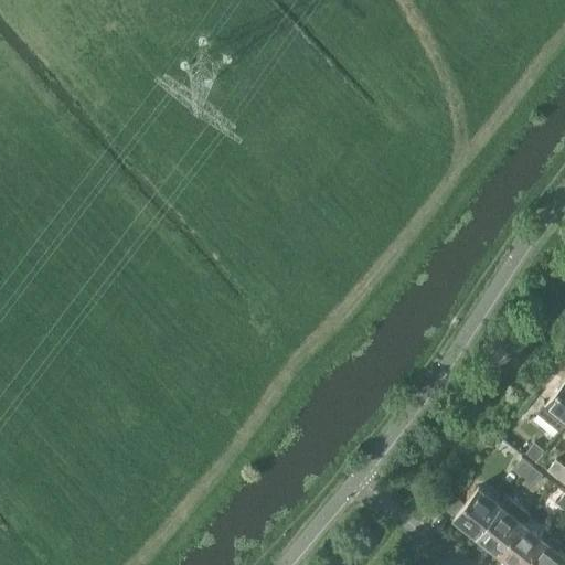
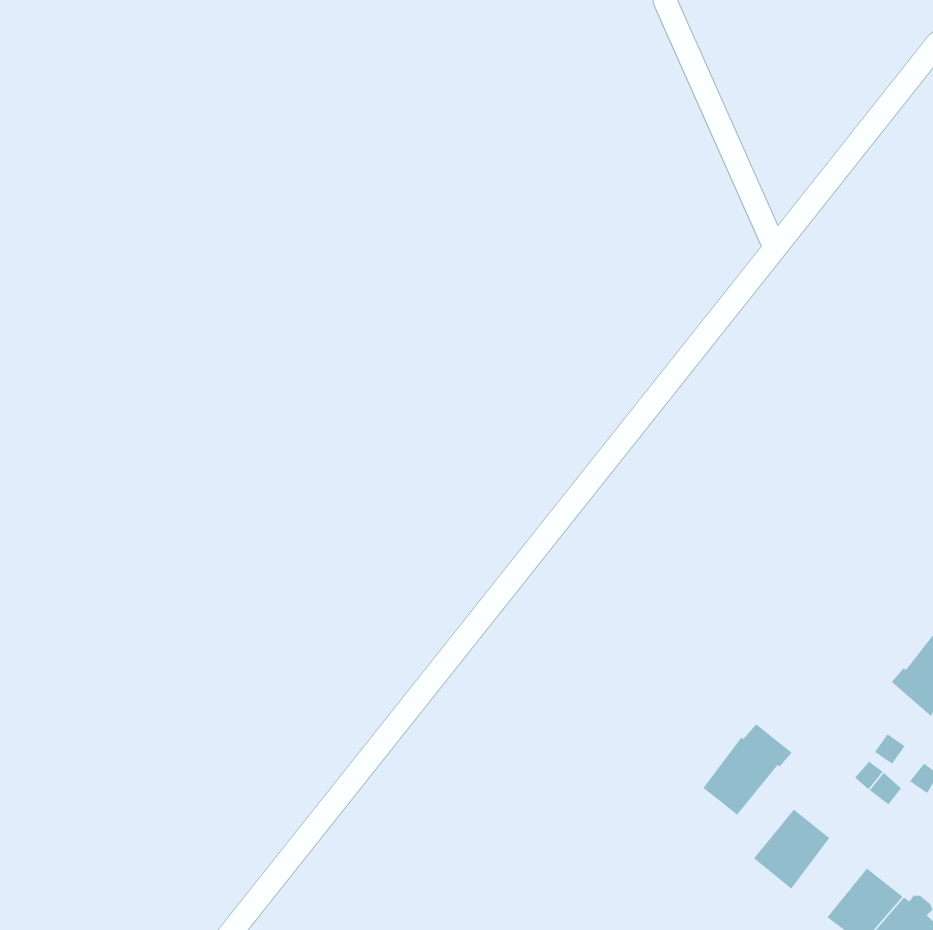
building: [479,501,533,556] -> [703,724,793,815]

